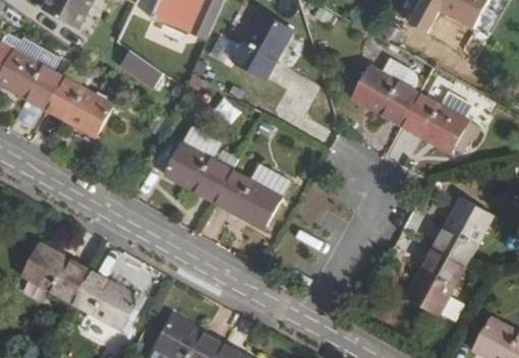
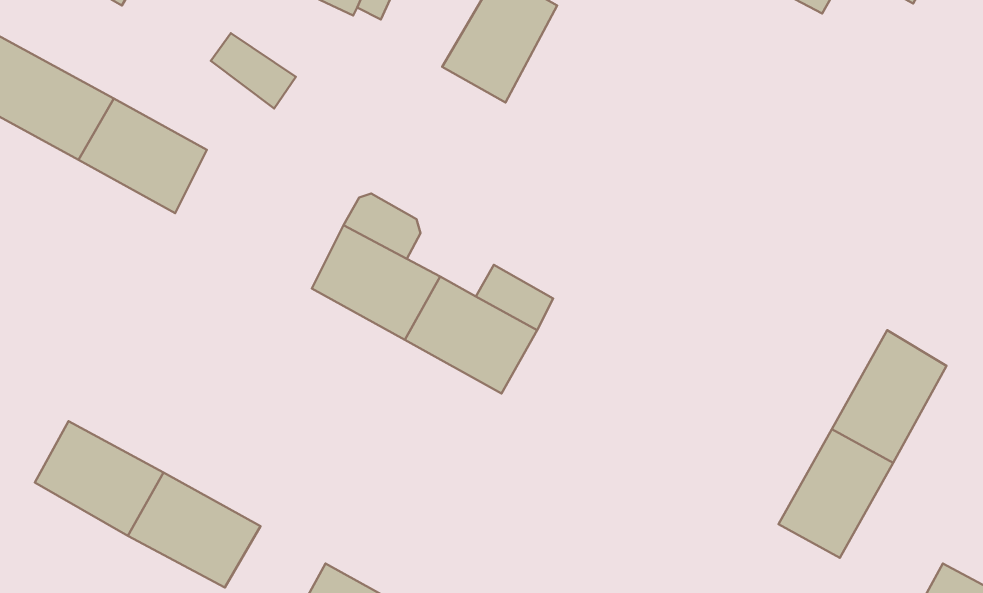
building: [351,66,467,153] -> none

